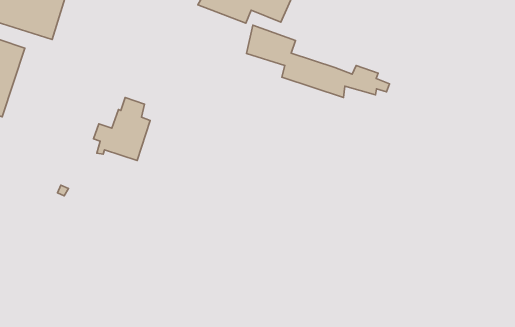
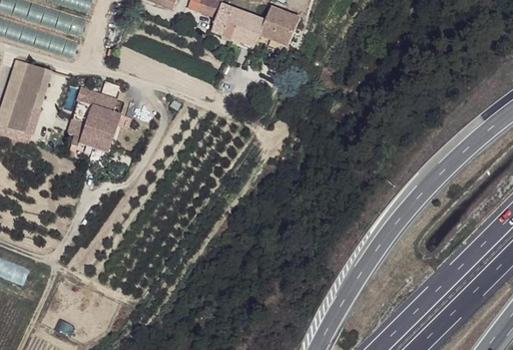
building: [247,25,390,98] -> none
building: [93,98,150,161] -> [65,94,117,152]

